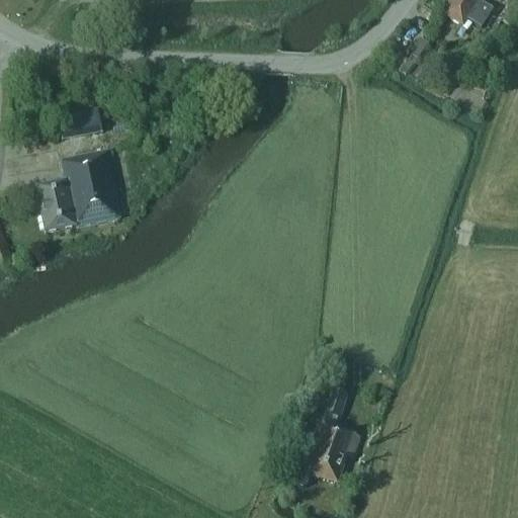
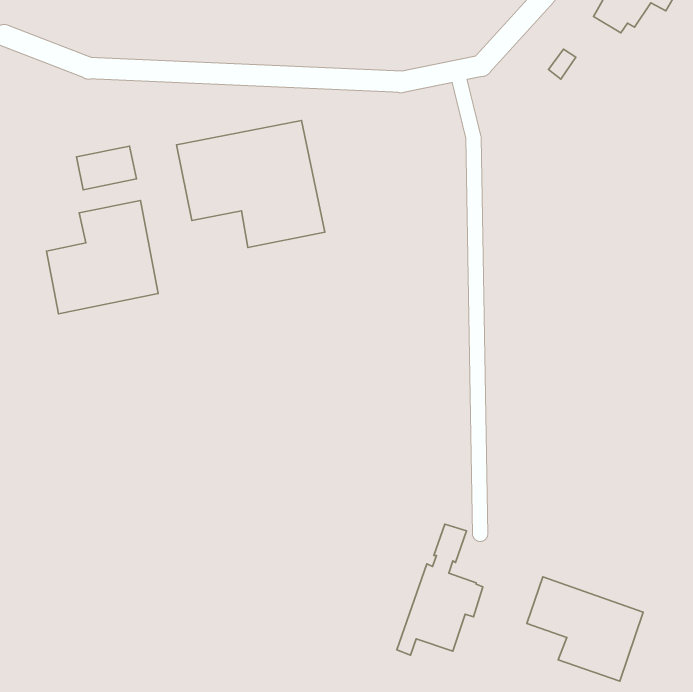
building: none -> [176,120,325,248]
building: none -> [527,577,643,681]

